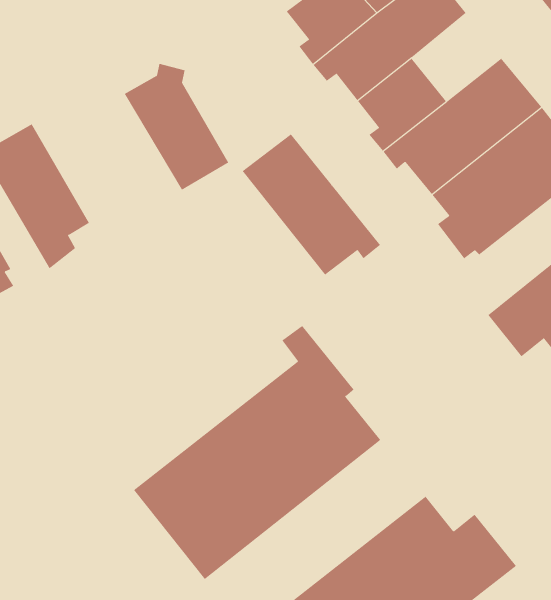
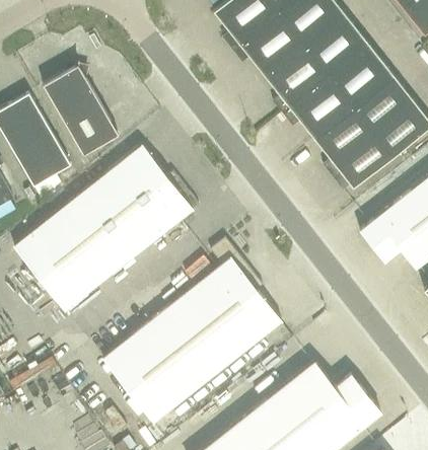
building: none -> [304,13,369,77]
building: [124,63,229,190] -> [43,63,119,155]
building: [242,133,381,276] -> none
building: none -> [14,145,199,311]

